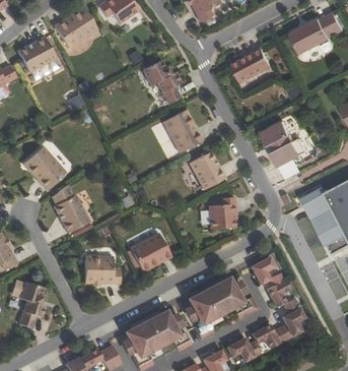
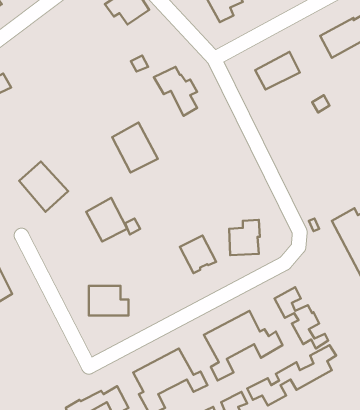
building: [54,7,97,49] -> none
building: [17,36,56,72] -> none
building: [162,109,203,153] -> [112,122,158,173]
building: [261,121,307,178] -> none
building: [189,151,225,190] -> none
building: [54,194,90,233] -> [86,198,127,241]
building: [139,233,171,266] -> [180,236,216,273]
building: [18,282,45,327] -> none

